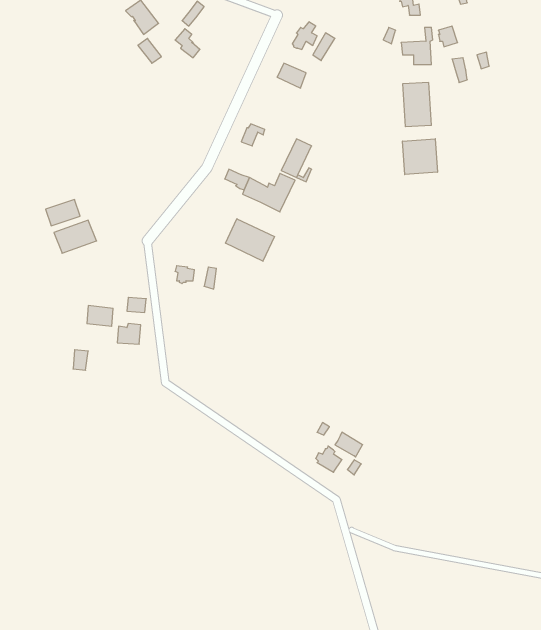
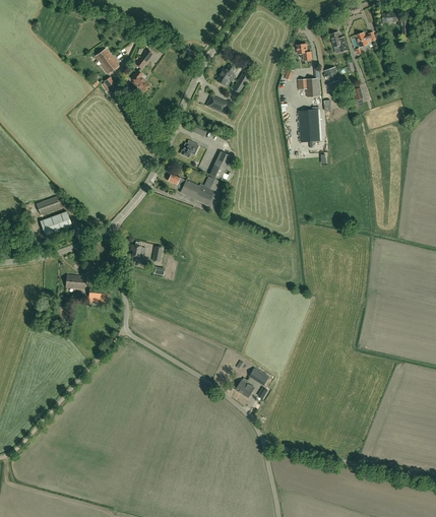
building: [403,139,437,175] -> none
building: [226,219,274,261] -> none

